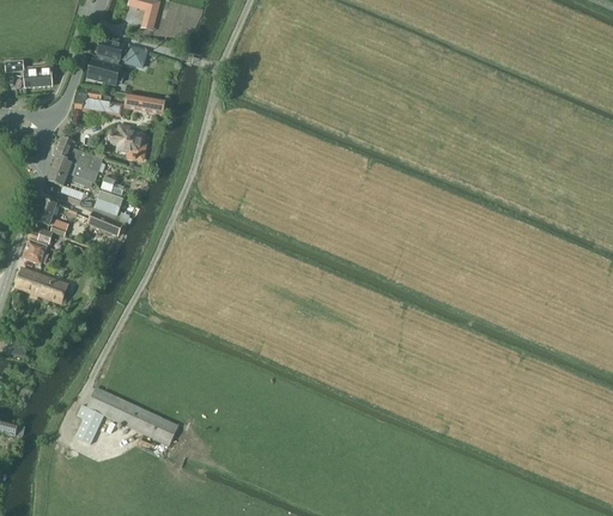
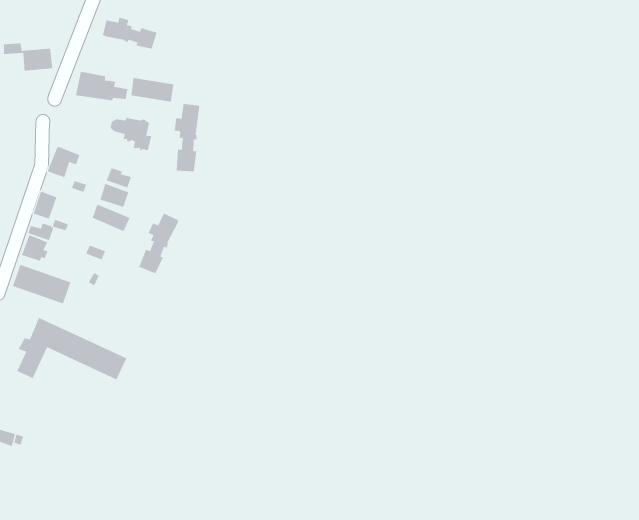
building: [87,55,126,86] -> none
building: none -> [174,103,200,172]
building: [55,136,103,183] -> none
building: none -> [138,213,179,274]
building: [74,387,177,445] -> [17,317,127,380]

